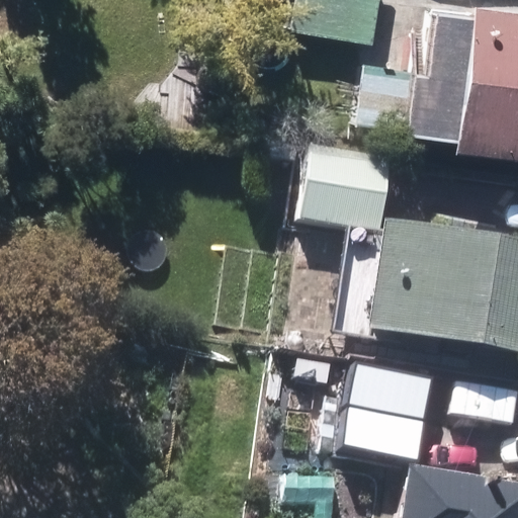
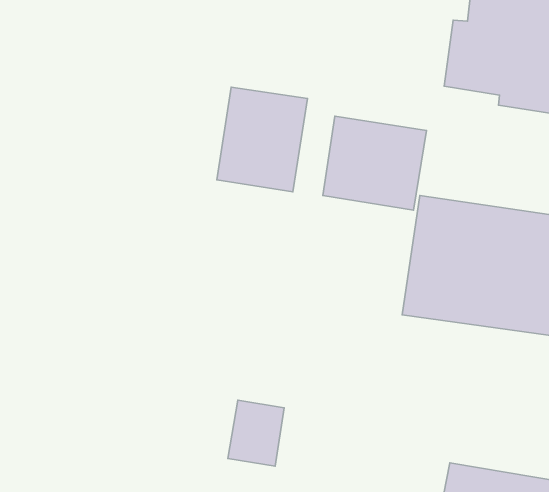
building: none -> [217,87,308,192]
building: [336,378,421,461] -> none

